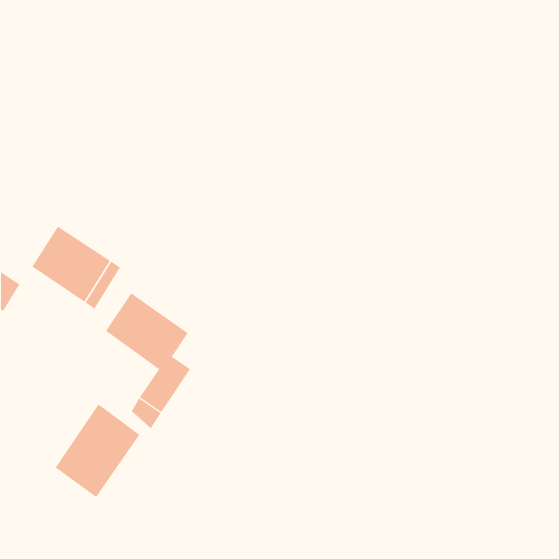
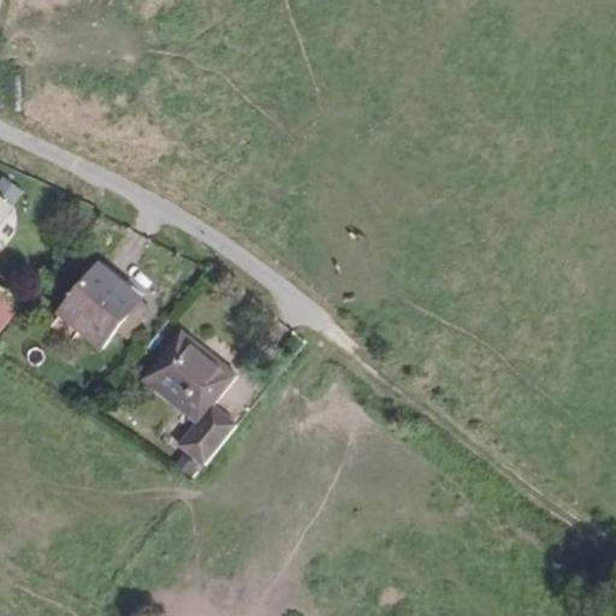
building: [55,404,140,498] -> none

